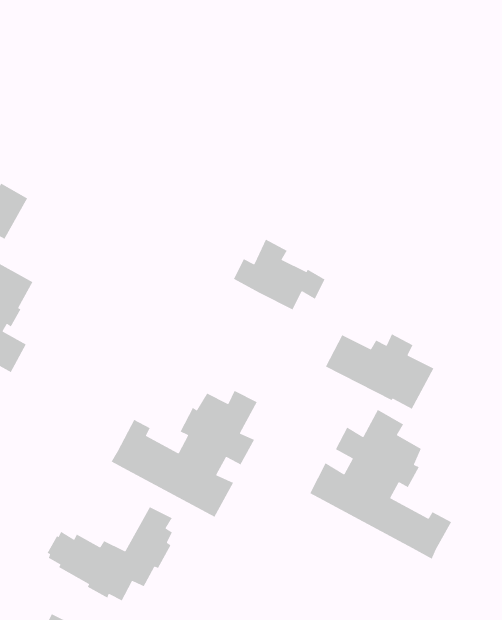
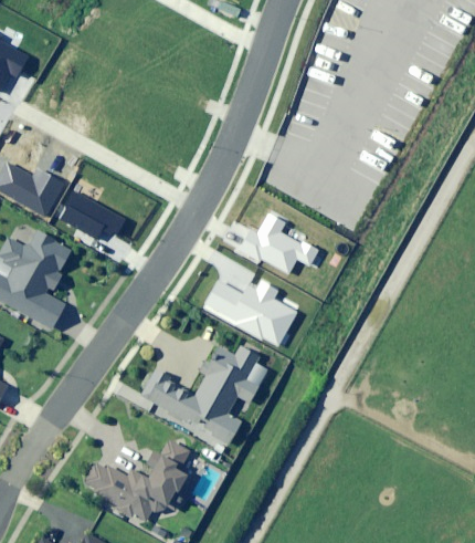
building: none -> [62,191,125,244]
building: [325,333,434,410] -> [204,281,297,346]
building: [309,409,452,560] -> none

